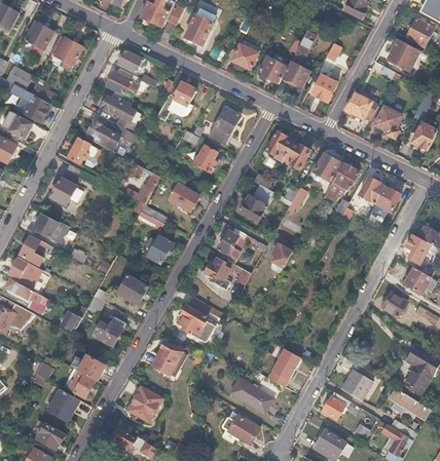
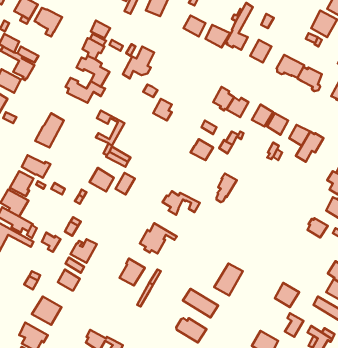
building: [210,107,240,143] -> none
building: [69,139,97,163] -> none
building: [169,183,198,210] -> none
building: [219,228,247,259] -> none
building: [117,275,147,304] -> [89,168,114,191]
building: [68,371,96,398] -> none
building: [129,386,162,421] -> none
building: [323,390,351,419] -> none

